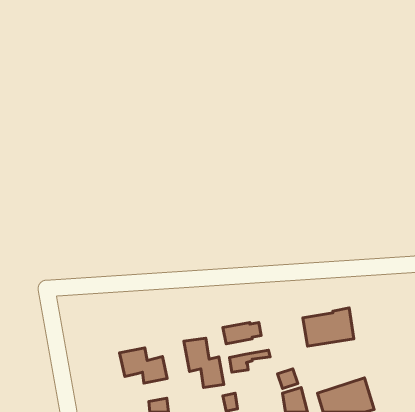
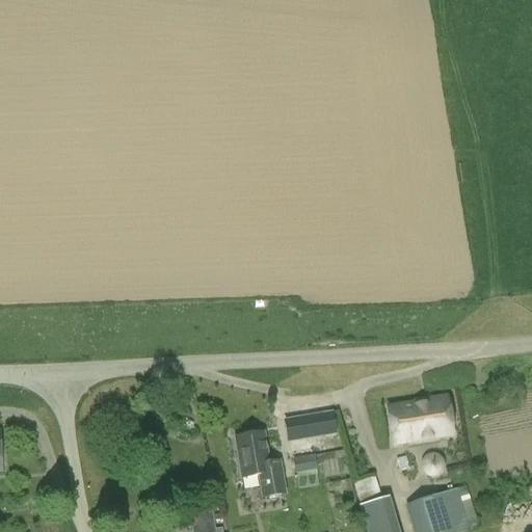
building: [120,348,167,383] -> none

